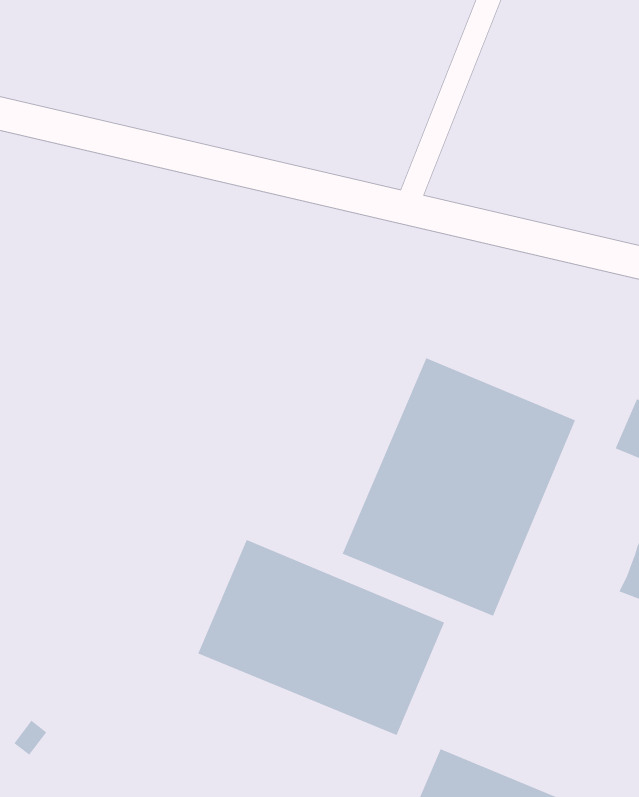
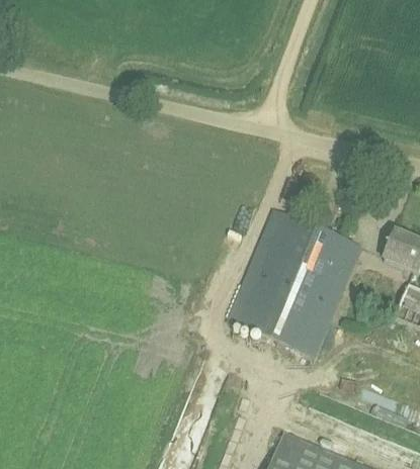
building: [197,539,445,736] -> none

